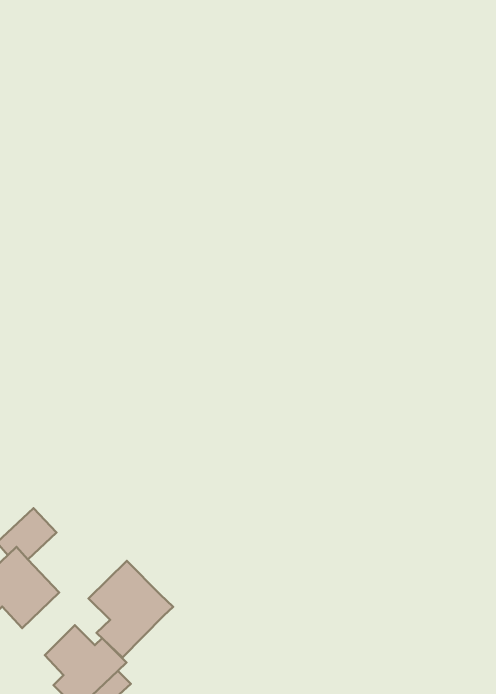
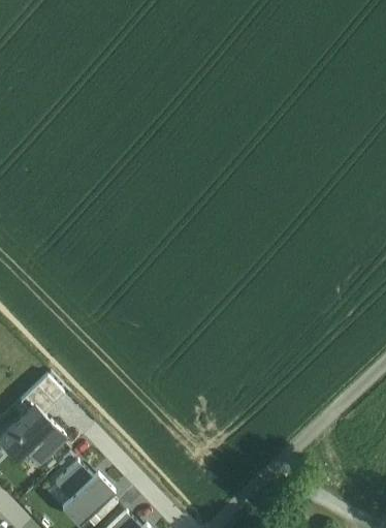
building: [89,561,173,657] -> none

